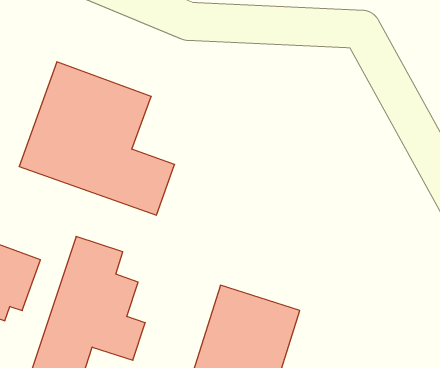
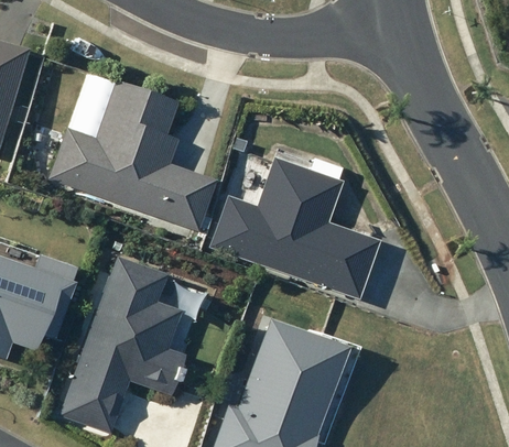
building: none -> [212,160,382,298]

